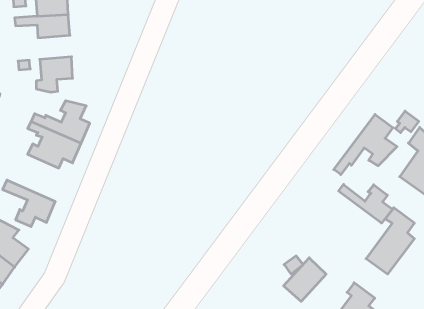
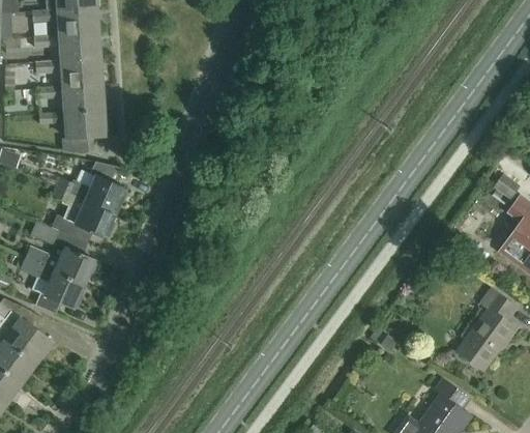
building: none -> [36,83,104,112]
building: [334,114,397,175] -> none
building: none -> [26,221,94,283]
building: [339,184,393,223] -> none
building: [284,258,326,301] -> none

